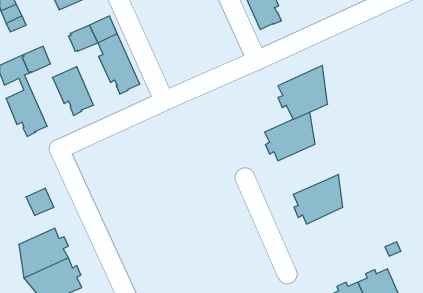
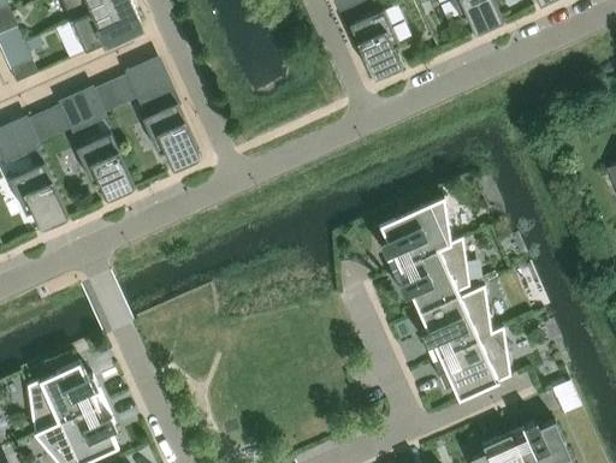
building: none -> [63,84,112,127]
building: [278,65,328,119] -> [398,237,469,314]
building: [26,188,54,216] -> none
building: none -> [439,327,510,399]

